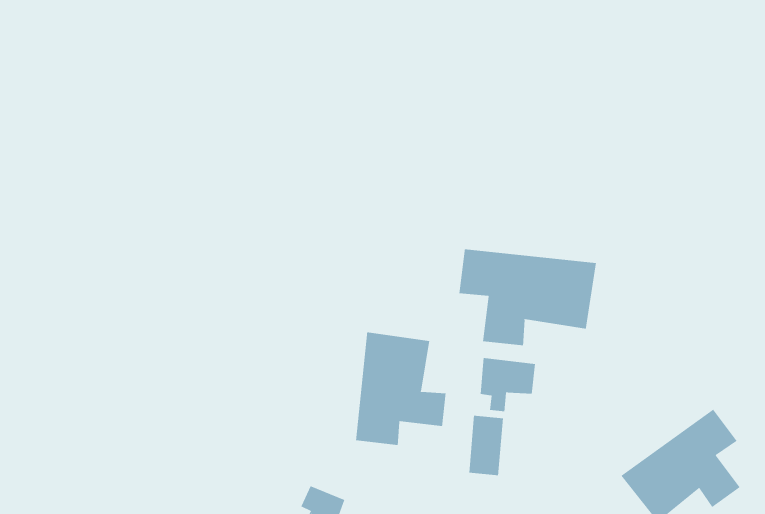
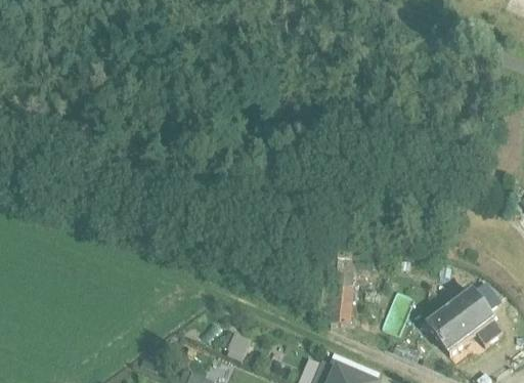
building: [459,249,596,346] -> none
building: [355,332,446,446] -> none

